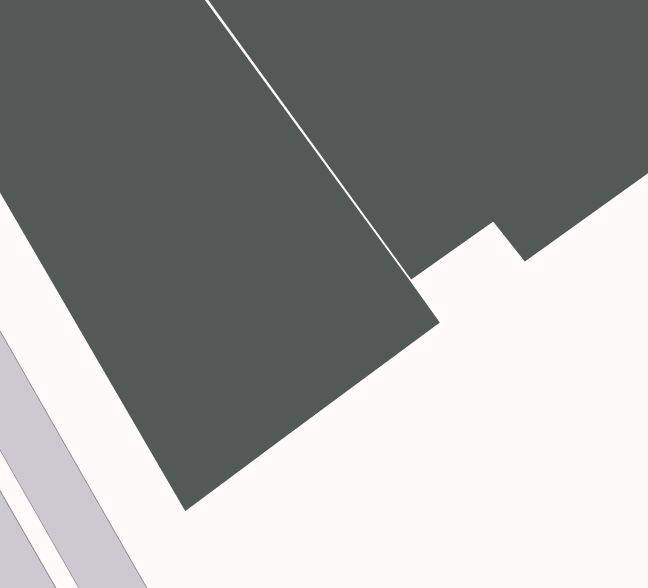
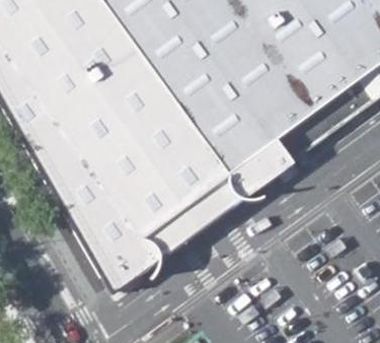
building: none -> [228,142,286,193]

